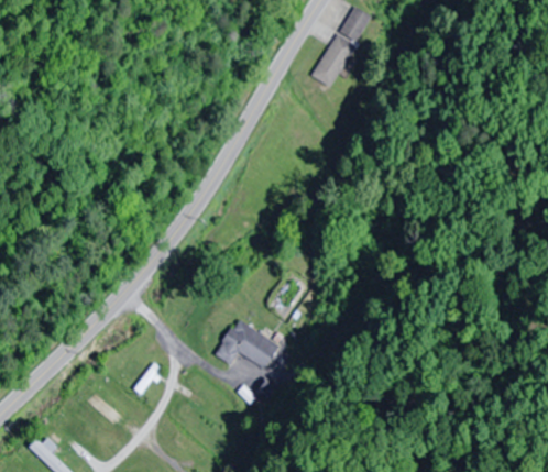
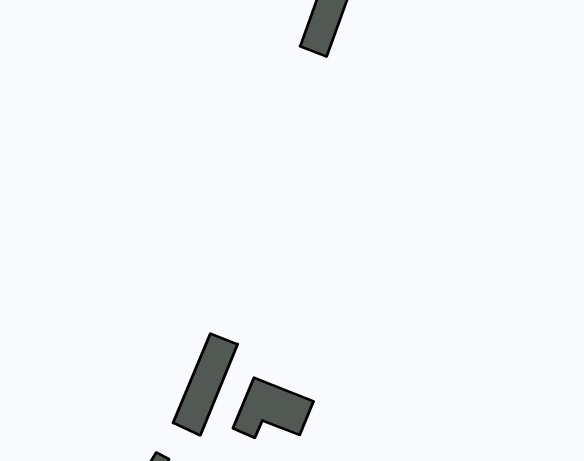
building: none -> [173,334,238,435]

